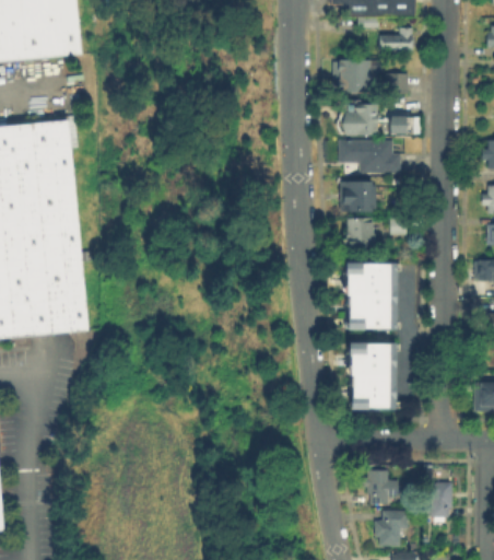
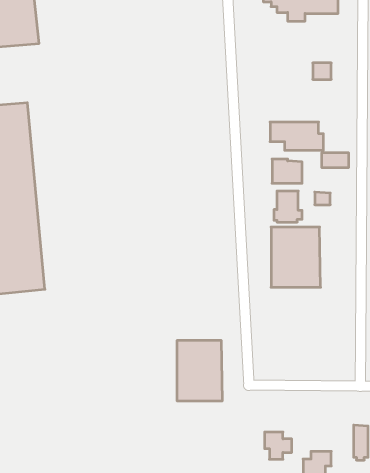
building: [381,30,411,49] -> none
building: [336,59,367,92] -> none
building: [345,105,379,133] -> none
building: [387,115,417,131] -> [322,153,349,167]
building: [344,339,396,407] -> [177,341,222,401]
building: [368,472,399,503] -> [265,432,292,459]

